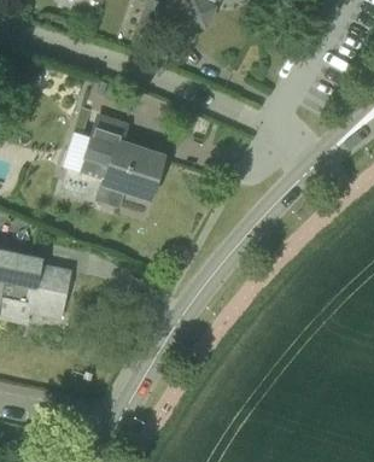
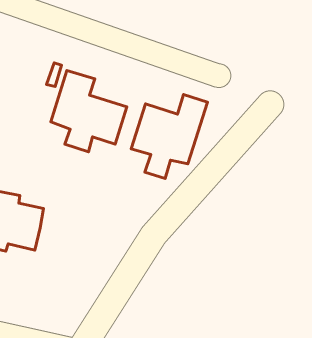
building: none -> [131,95,207,179]

